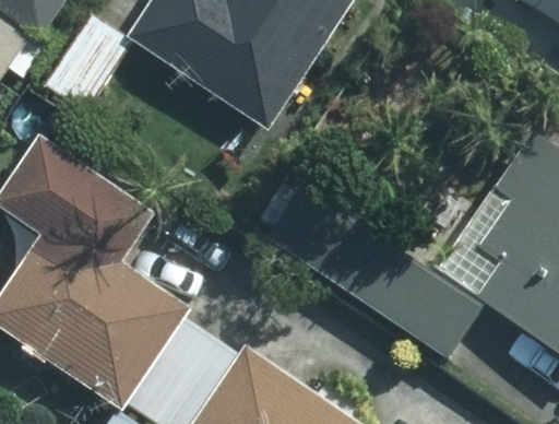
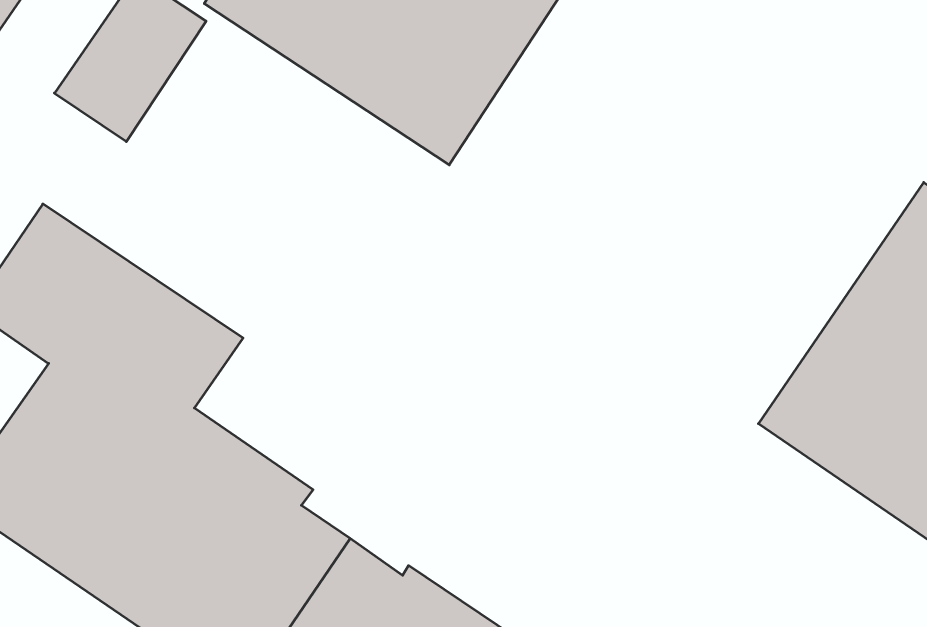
building: [266,187,480,356] -> none

